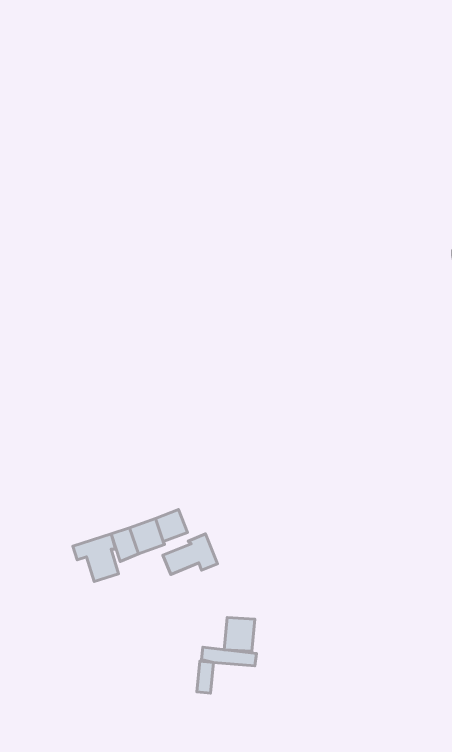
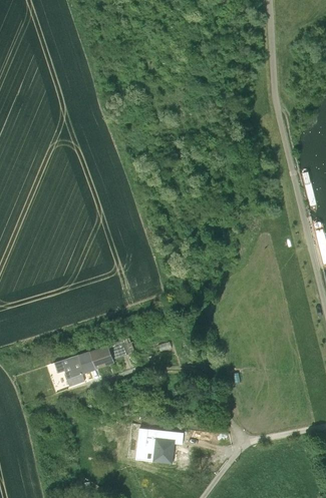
building: [163,534,218,574] -> none
building: [224,618,255,651] -> [153,440,174,462]

